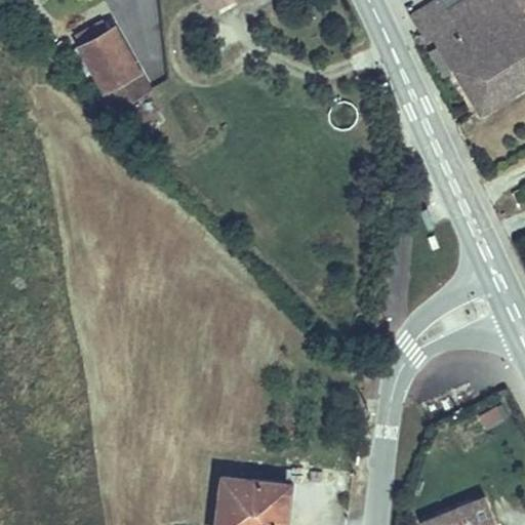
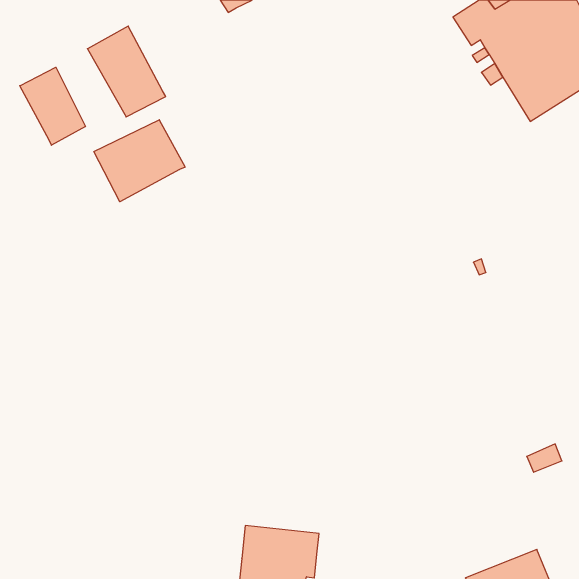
building: none -> [20,67,85,145]
building: none -> [94,120,185,202]

